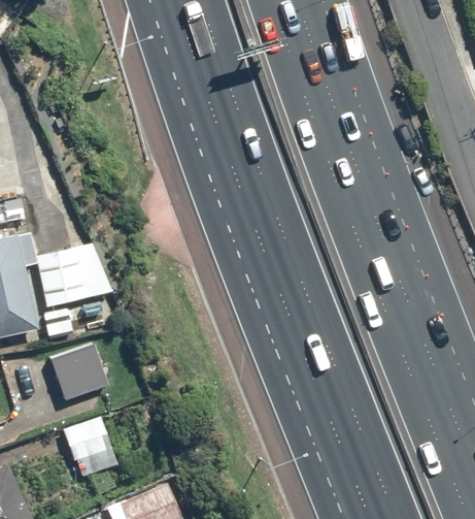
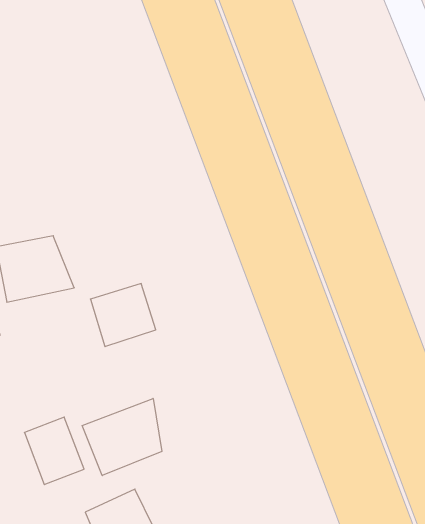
building: [46,343,107,401] -> [90,284,156,347]
building: none -> [82,398,162,476]

